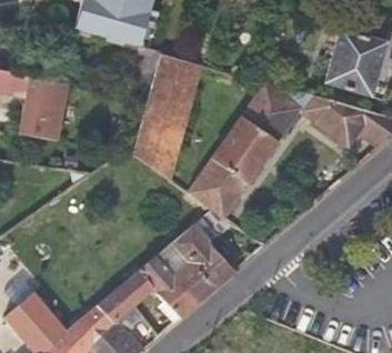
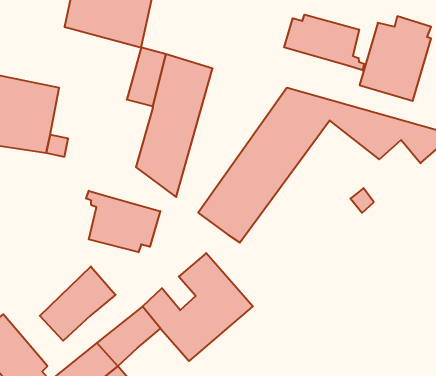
building: none -> [284,15,365,70]
building: none -> [86,191,160,252]
building: none -> [40,266,116,341]

